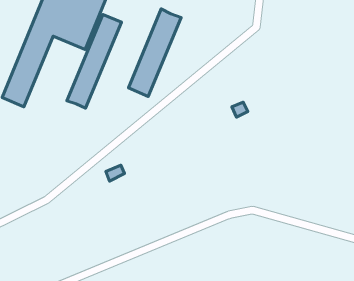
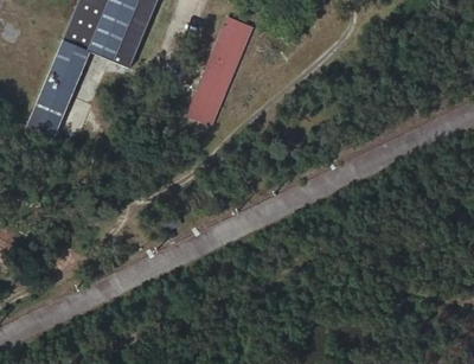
building: [67,15,122,108] -> none

